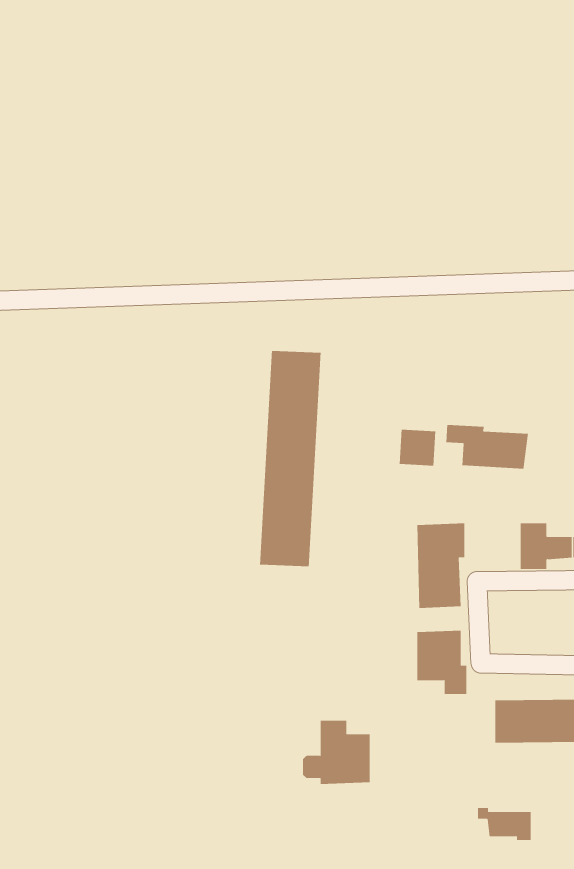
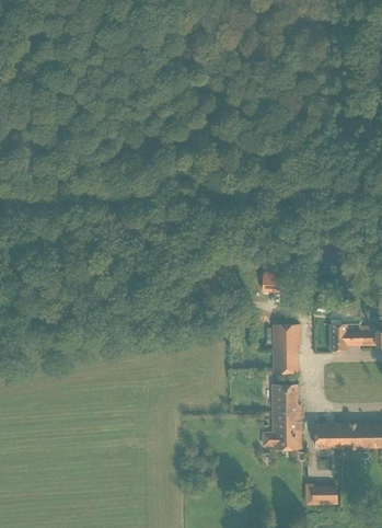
building: [259,350,321,567] -> none
building: [446,424,528,469] -> none
building: [302,720,371,785] -> [263,414,301,450]

